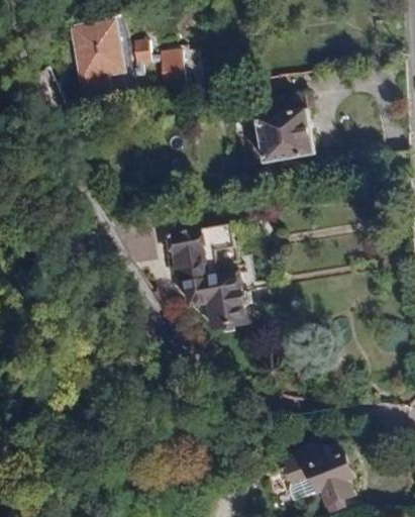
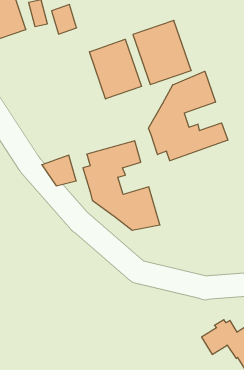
building: none -> [89,39,142,99]
building: none -> [148,71,228,161]

